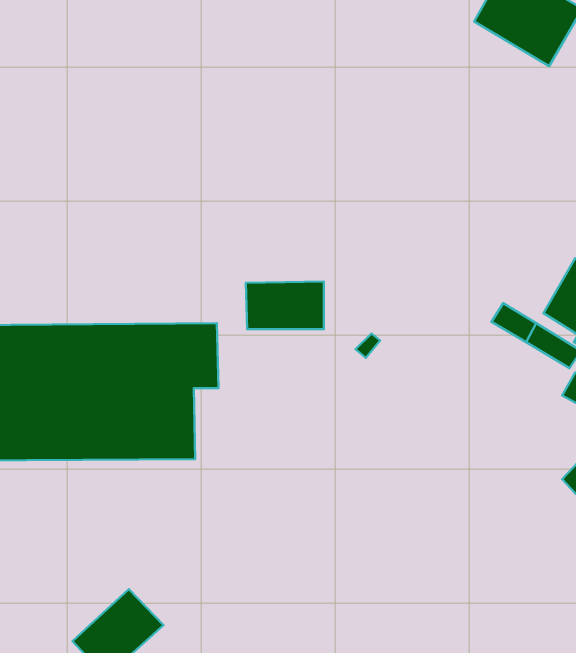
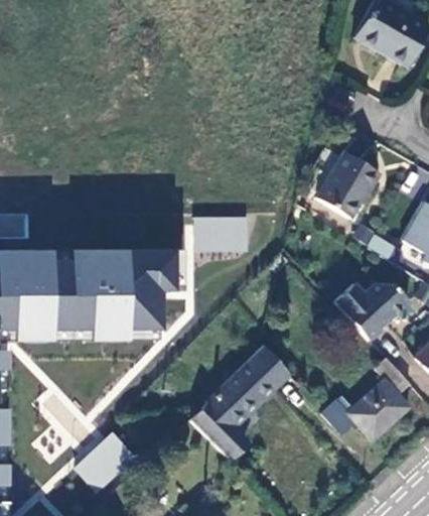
building: none -> [317,150,379,217]
building: none -> [336,281,410,339]
building: none -> [193,346,295,460]
building: none -> [323,357,411,438]

